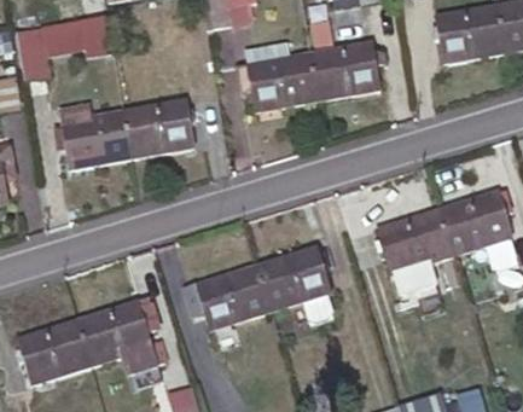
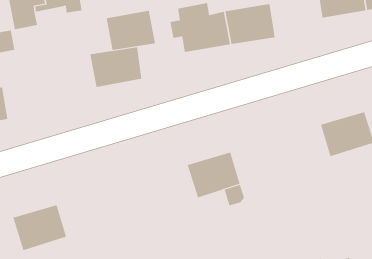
building: [64,111,133,167] -> [106,10,156,51]
building: [380,208,455,271] -> none
building: [188,263,273,327] -> none
building: [80,300,159,372] -> none

